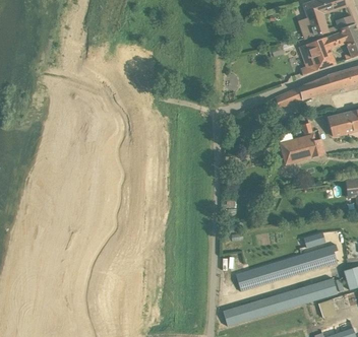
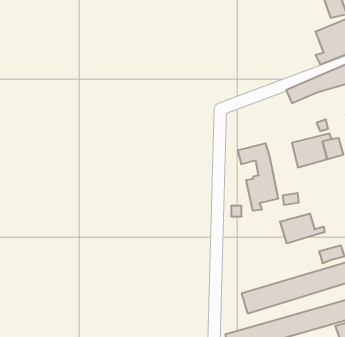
building: none -> [238,143,278,211]
building: none -> [280,213,325,243]

